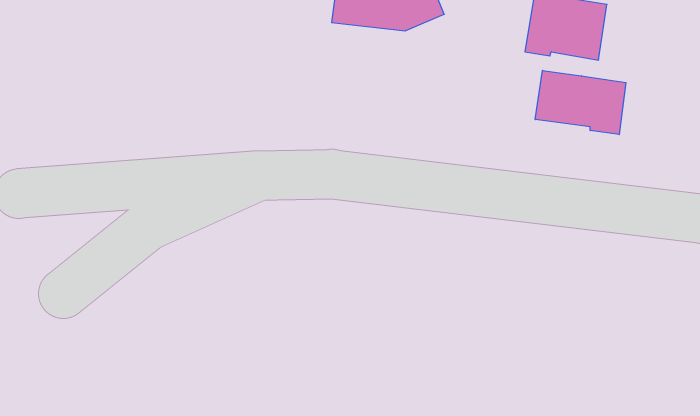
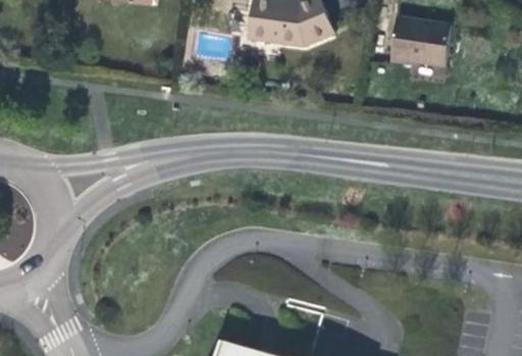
building: [535,70,626,135] -> none

